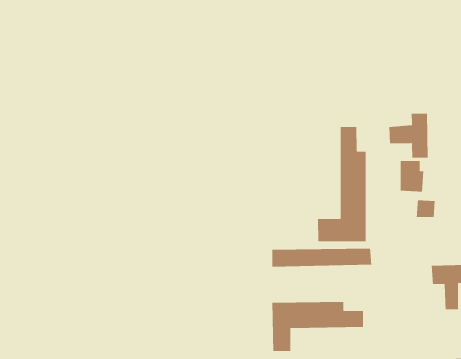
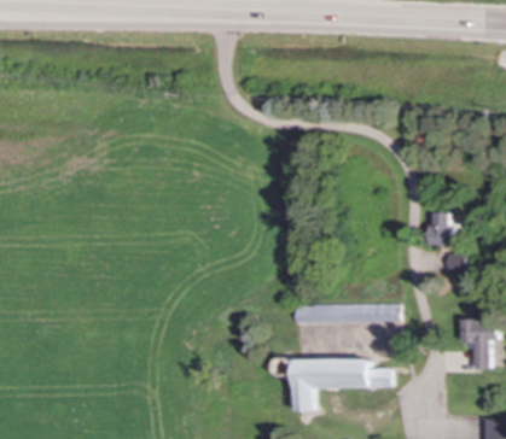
building: [388,113,429,159] -> none
building: [317,126,367,242] -> none

